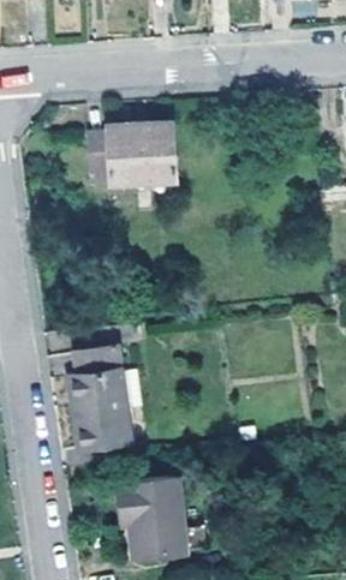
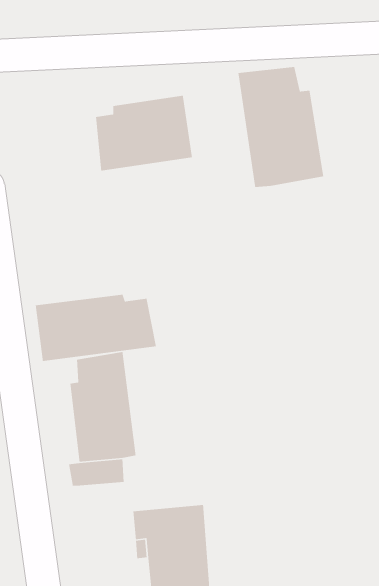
building: none -> [237,66,324,188]
building: none -> [35,294,157,362]

